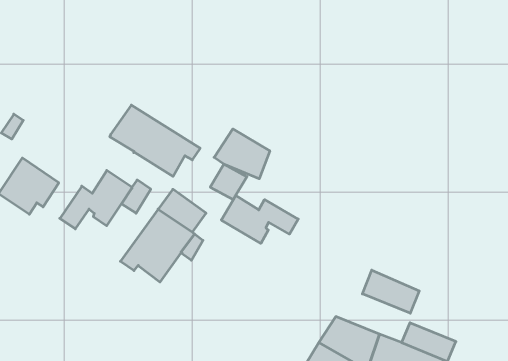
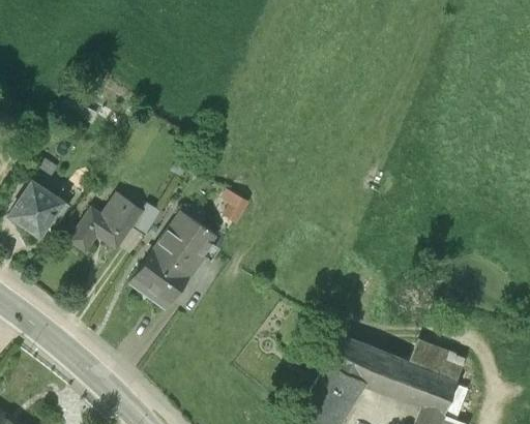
building: [110,105,200,176] -> none
building: [214,129,270,179] -> none
building: [221,196,298,243] -> none
building: [362,270,419,313] -> none

